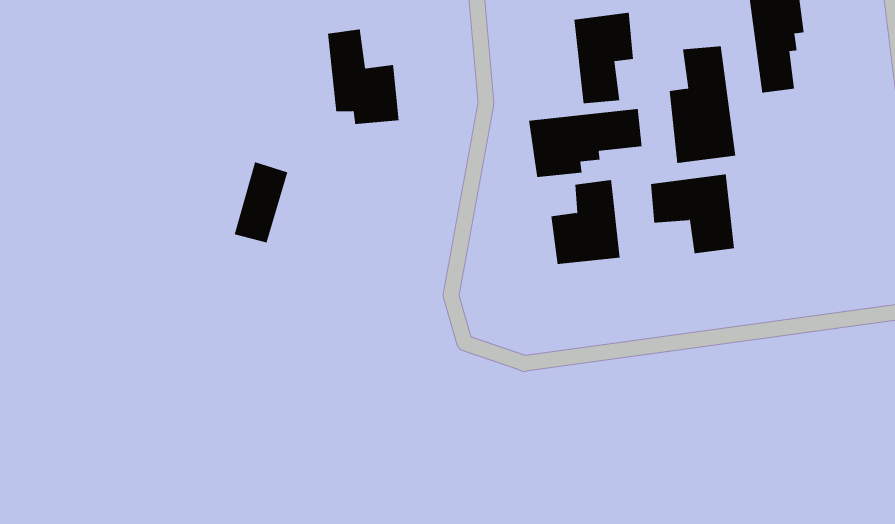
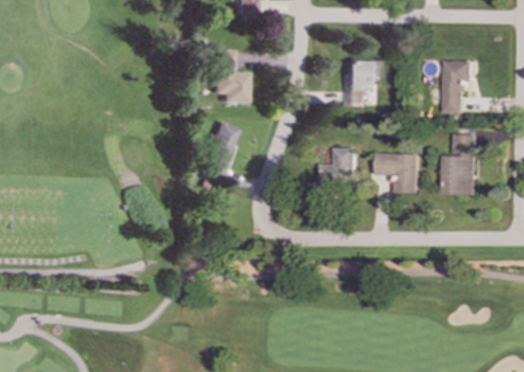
building: [669,46,736,164] -> [443,134,476,196]
building: [529,108,642,178] -> none
building: [234,161,288,243] -> [204,120,237,165]

